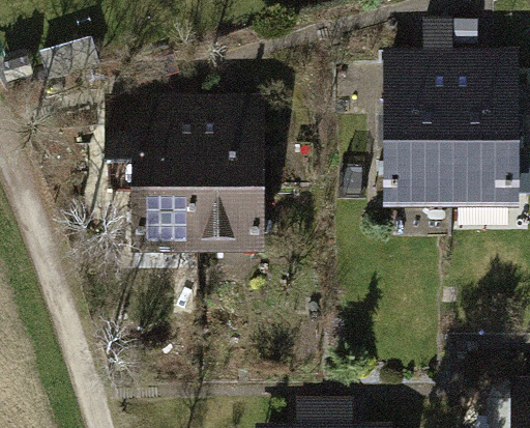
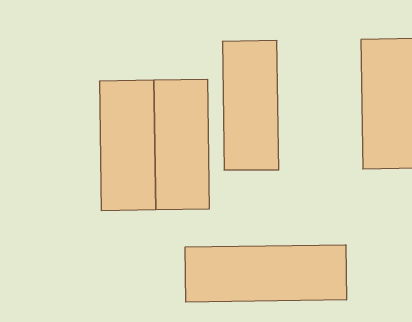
building: [382,51,449,205] -> [222,41,279,170]
building: none -> [185,245,346,302]

